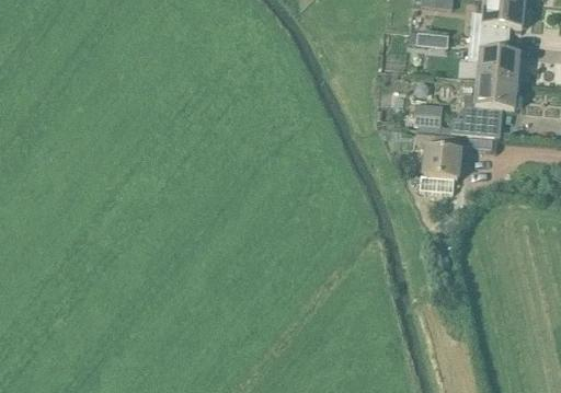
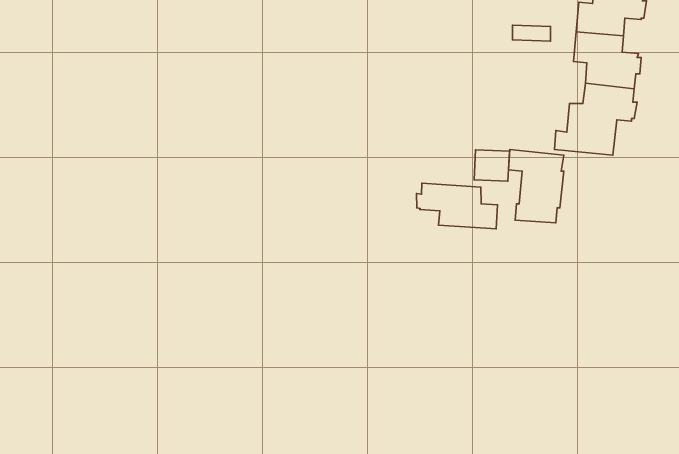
building: [415,103,444,128] -> [474,150,509,181]
building: none -> [416,183,498,229]

